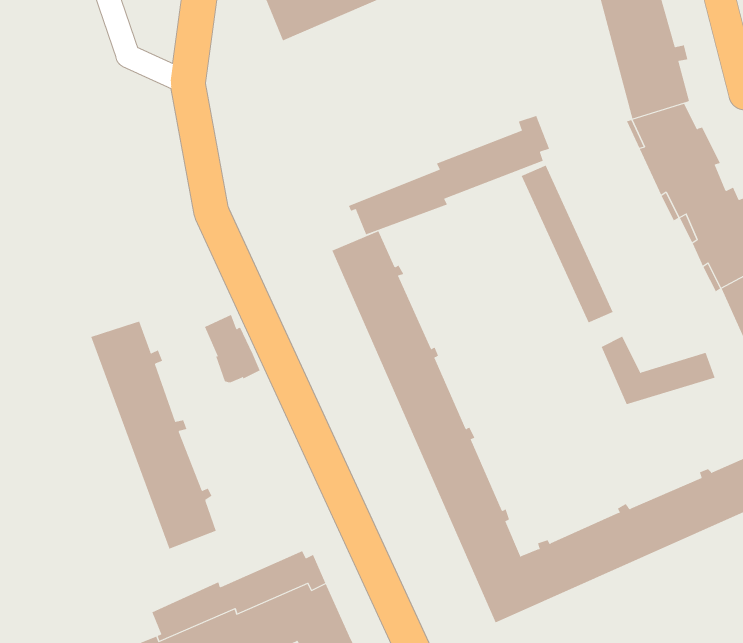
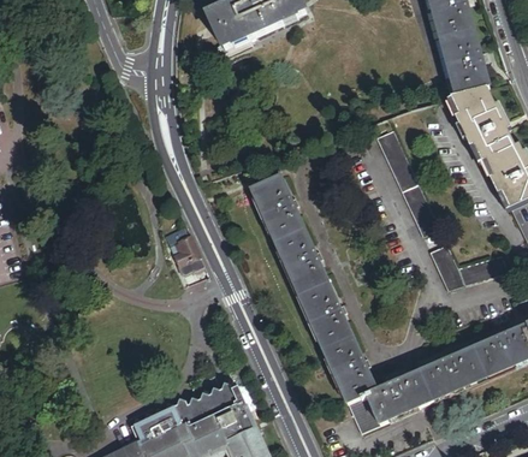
building: [348,115,550,235] -> none
building: [91,321,217,550] -> none

